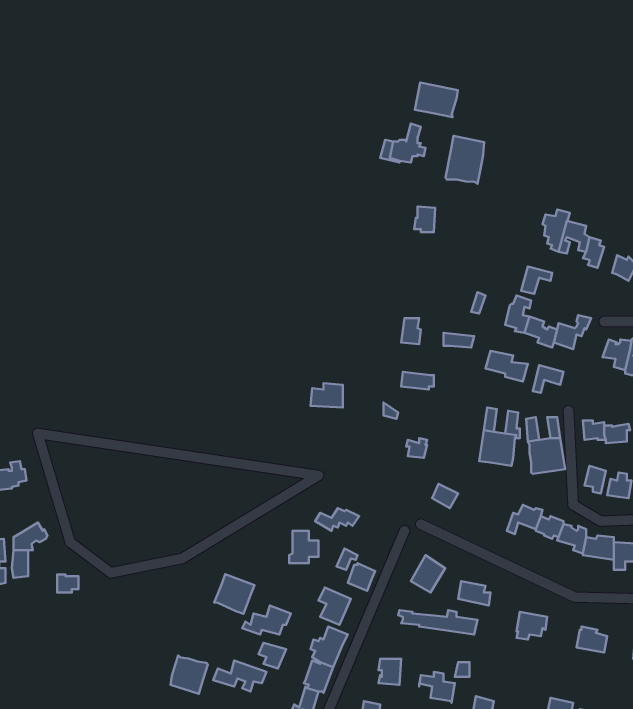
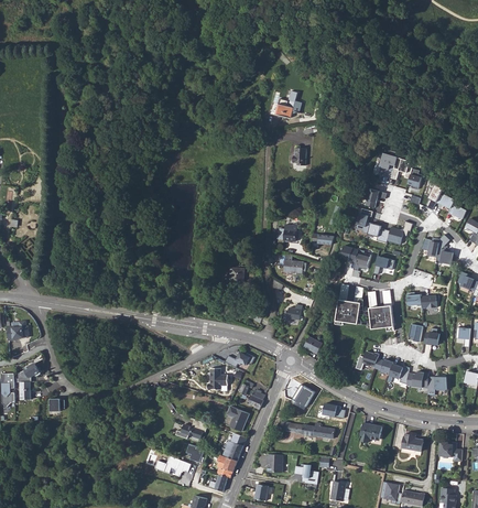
building: [415,83,458,117] -> none
building: [445,136,484,184] -> none
building: [214,574,255,614] -> none
building: [171,655,208,694] -> none

